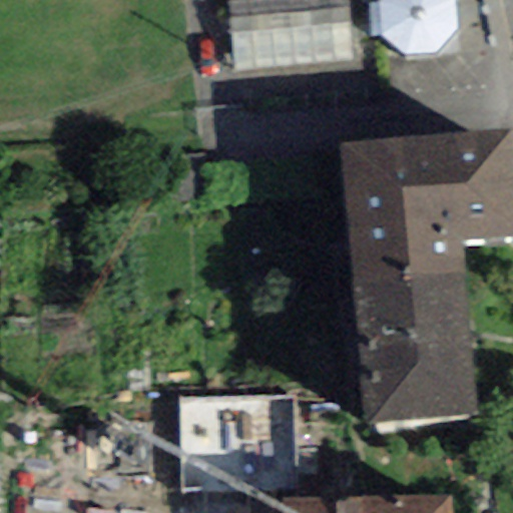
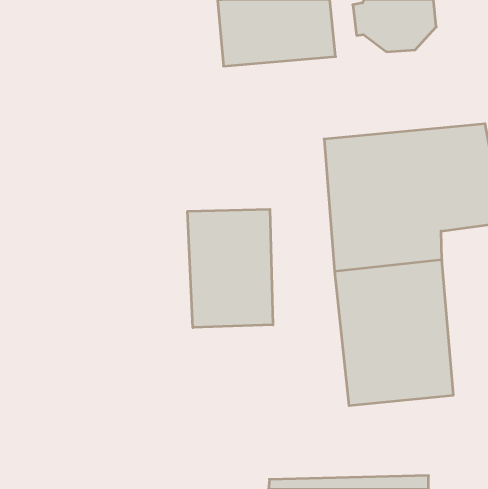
building: none -> [188,209,273,328]
building: [178,397,298,490] -> none

